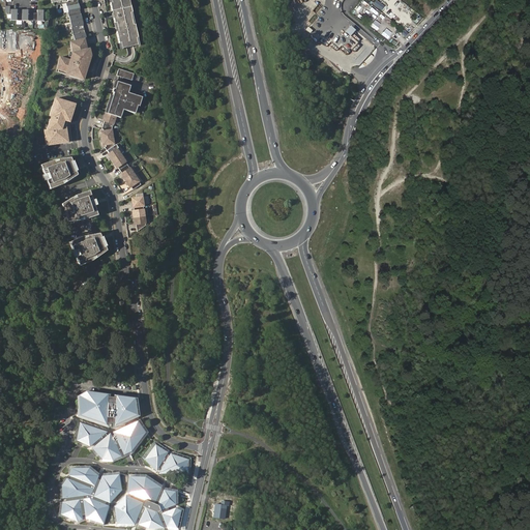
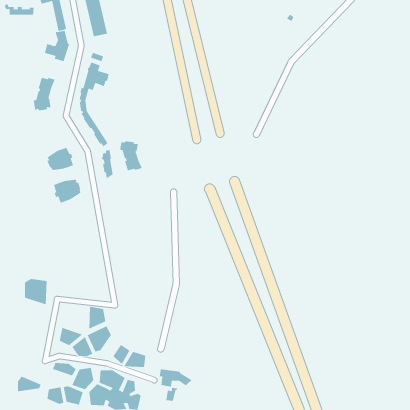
building: [38,156,75,187] -> none
building: none -> [120,141,142,171]
building: [78,390,108,424] -> [24,279,47,305]
building: none -> [159,369,193,387]
building: [62,477,93,498] -> [17,376,41,392]

